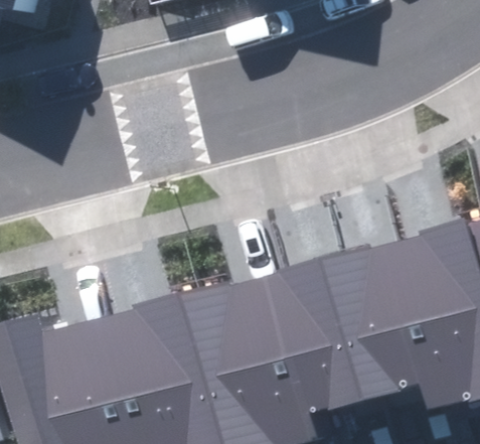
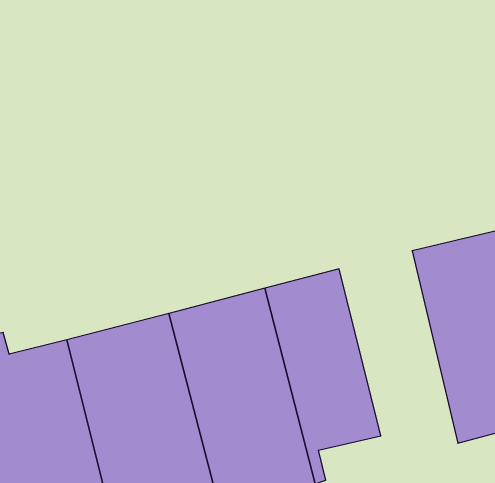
building: [332,246,427,401] -> none

